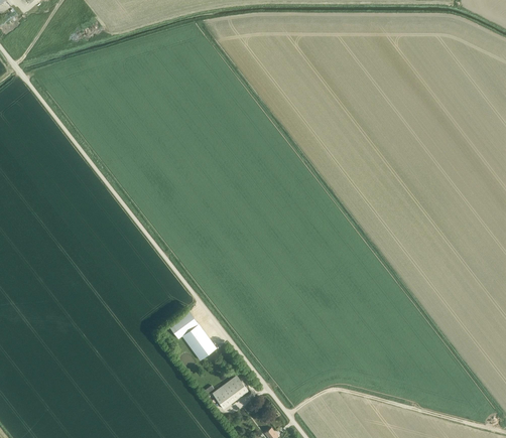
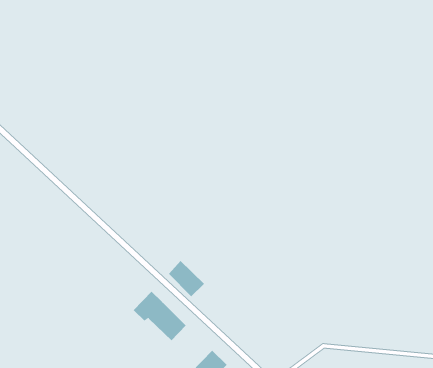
building: none -> [168,260,205,297]

